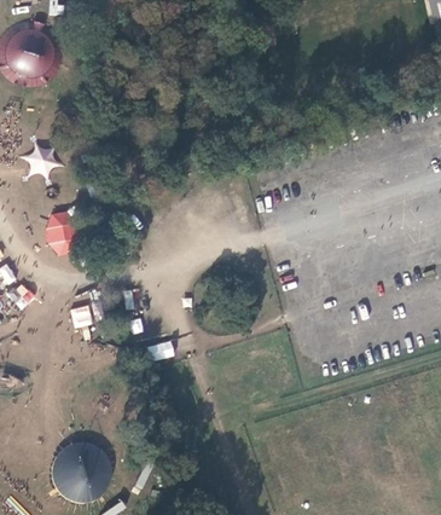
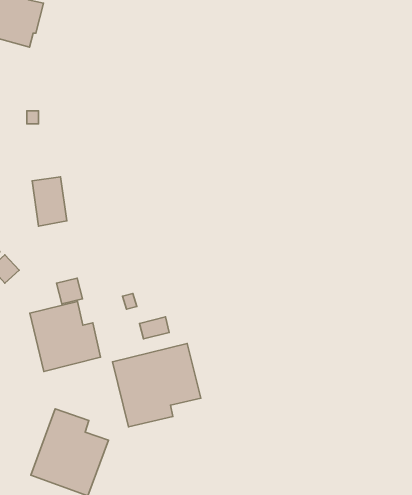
building: none -> [30,301,101,371]
building: none -> [112,344,201,427]

